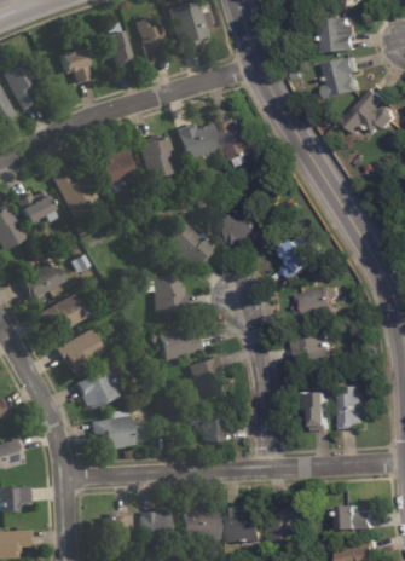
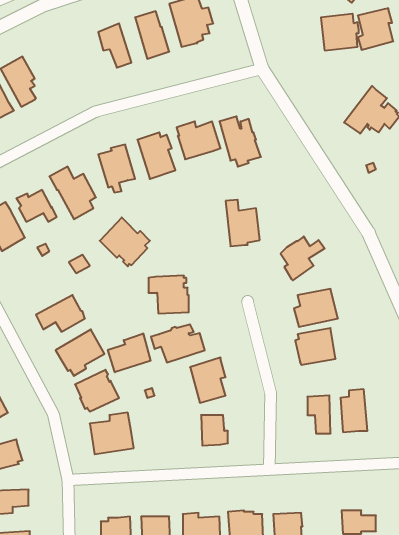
building: [59,45,93,82] -> none
building: [324,58,359,99] -> [358,8,393,50]
building: [167,226,216,274] -> [100,217,150,266]
building: [19,264,66,301] -> none
building: none -> [108,333,151,372]

